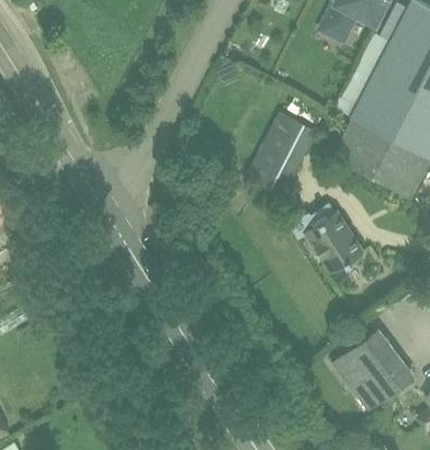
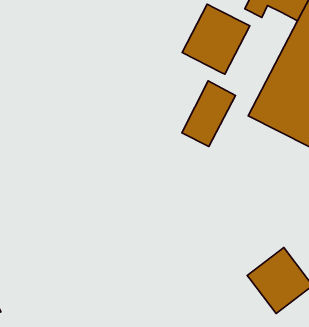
building: none -> [182,4,250,74]
building: [305,205,362,272] -> none

